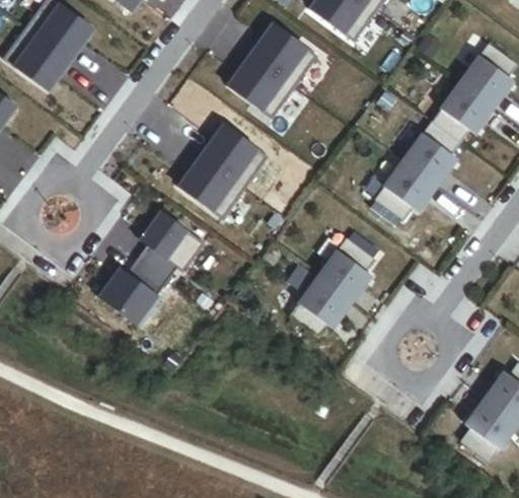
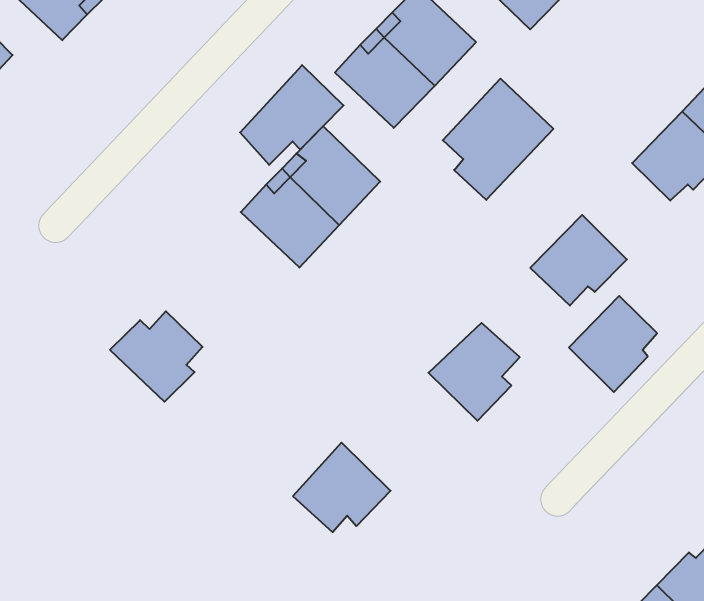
building: none -> [443,79,553,200]
building: none -> [240,65,344,165]
building: [403,119,460,183] -> [569,296,657,392]
building: [138,217,199,278] -> none
building: [289,275,353,335] -> [293,443,391,532]

